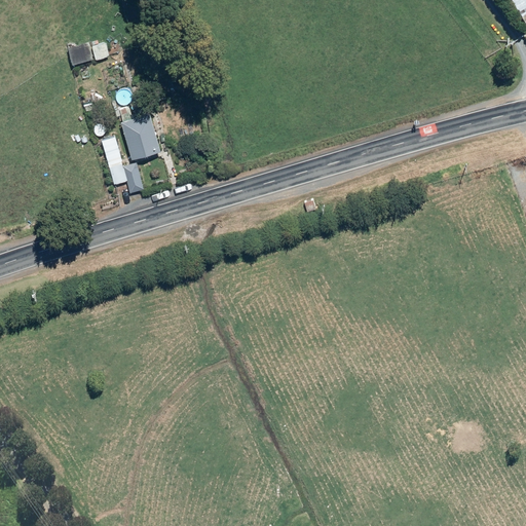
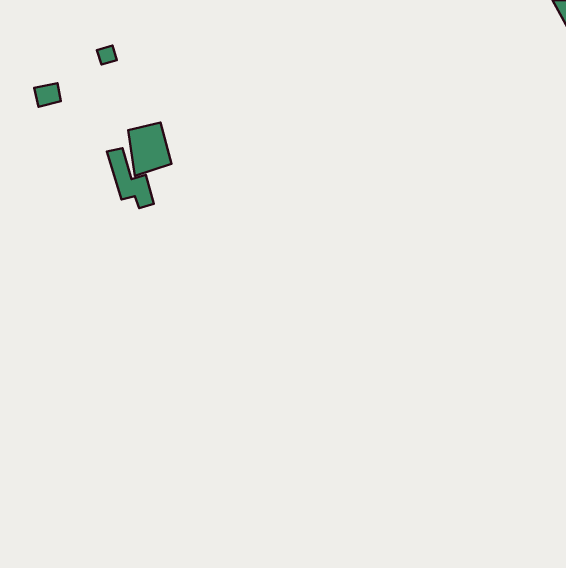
building: [68,43,92,65] -> [34,83,61,107]

